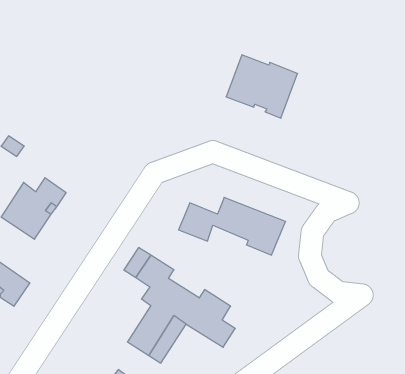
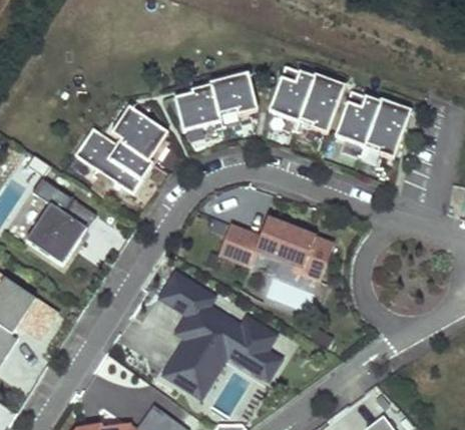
building: none -> [175,71,259,130]
building: none -> [336,91,412,158]
building: none -> [76,105,169,192]

